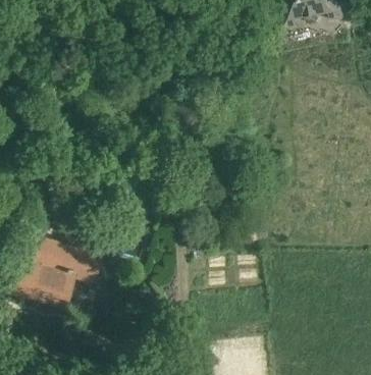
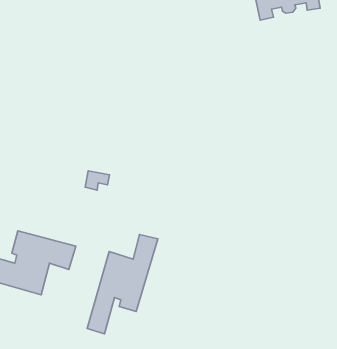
building: none -> [87,234,158,334]

